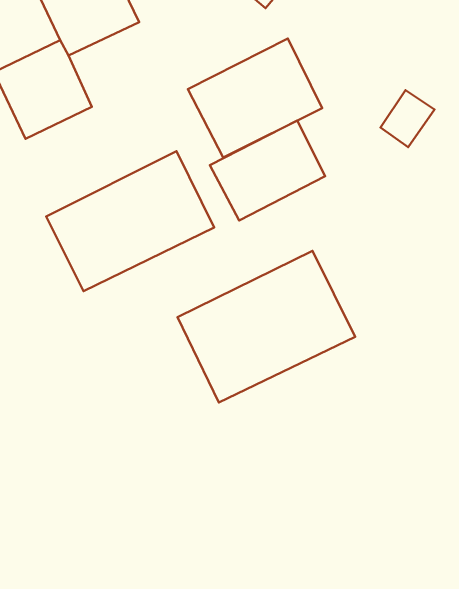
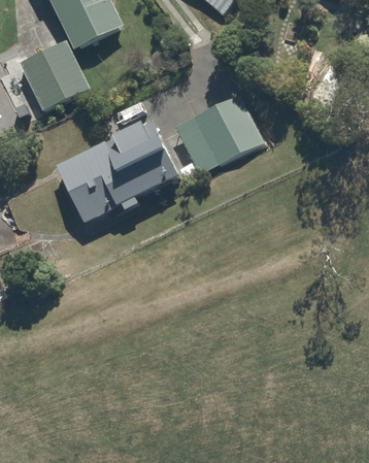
building: [188,39,322,158] -> none
building: [178,251,355,402] -> none

